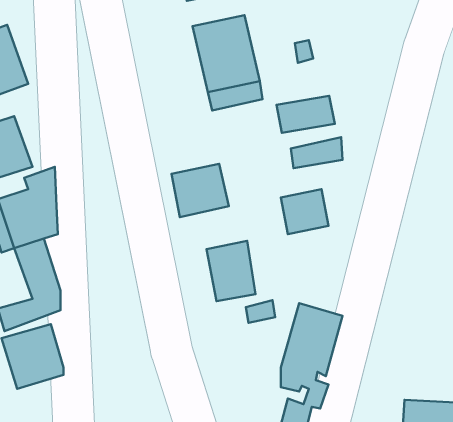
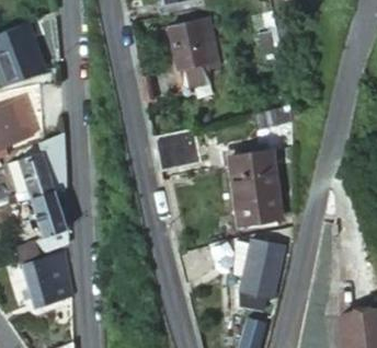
building: [276,96,335,133] -> none
building: [207,241,256,301] -> [244,179,283,227]

